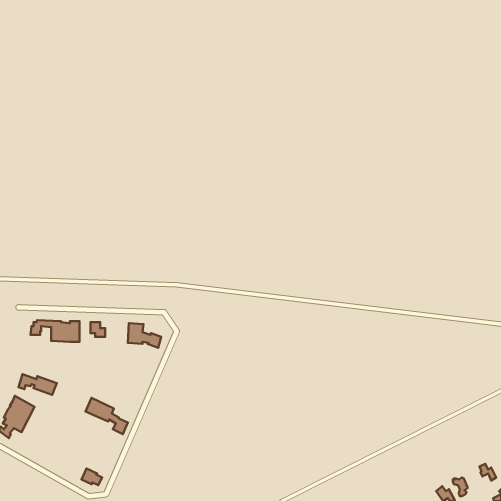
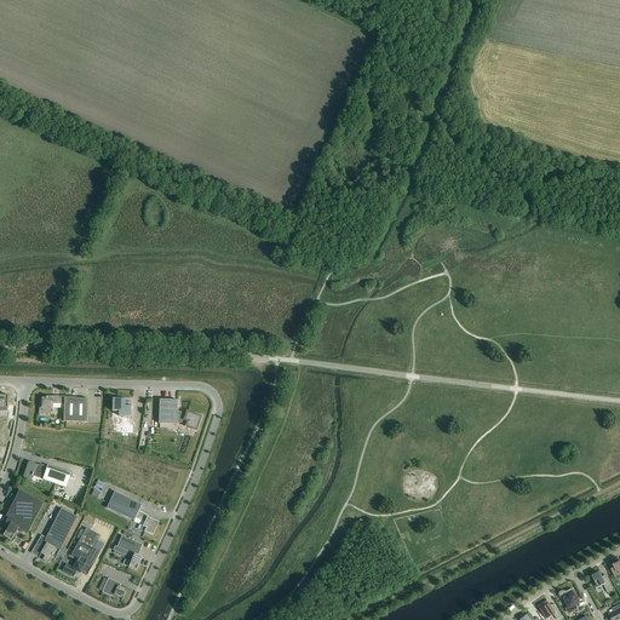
building: none -> [30,507,76,561]
building: none -> [61,527,99,576]
building: none -> [113,534,142,569]

